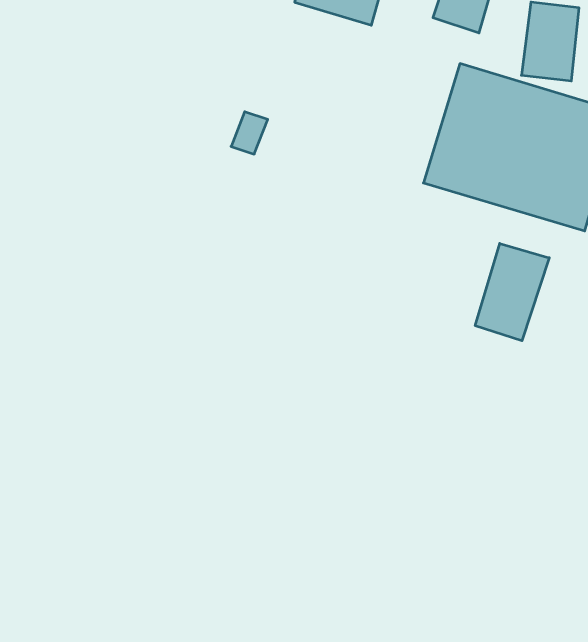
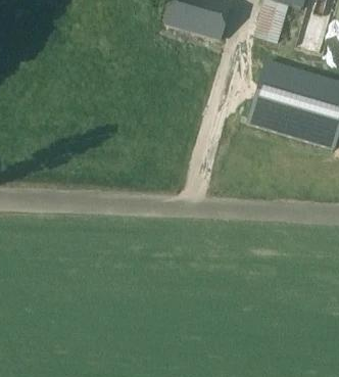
building: [475,243,549,341] -> none

